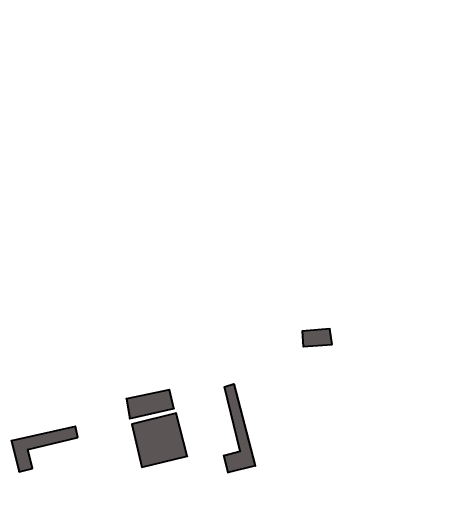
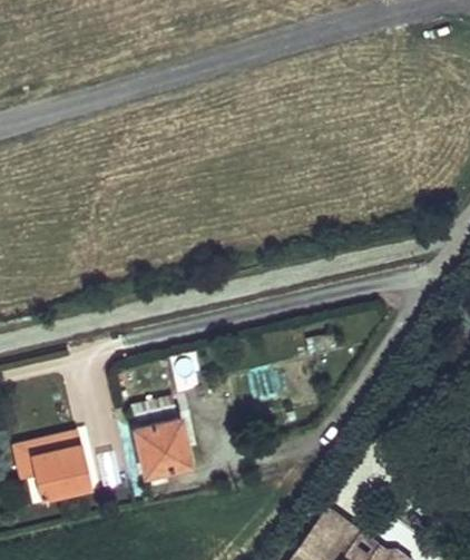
building: [224,384,255,473] -> none
building: none -> [31,449,91,502]

